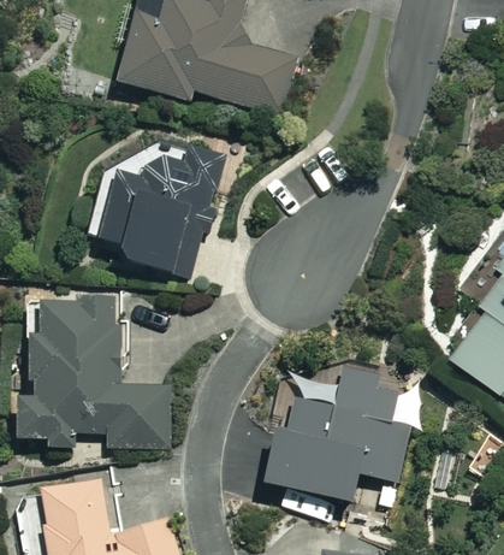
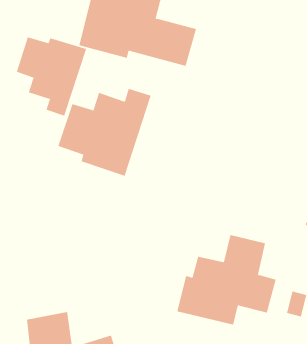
building: none -> [16,36,87,117]
building: [18,297,168,447] -> none

